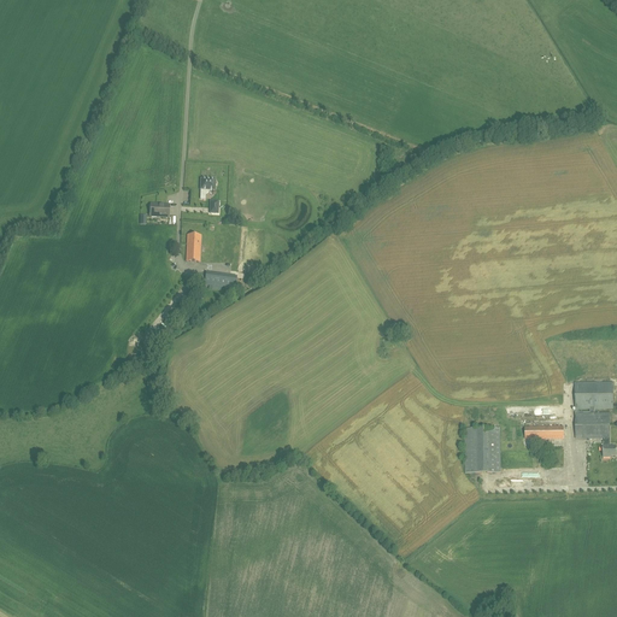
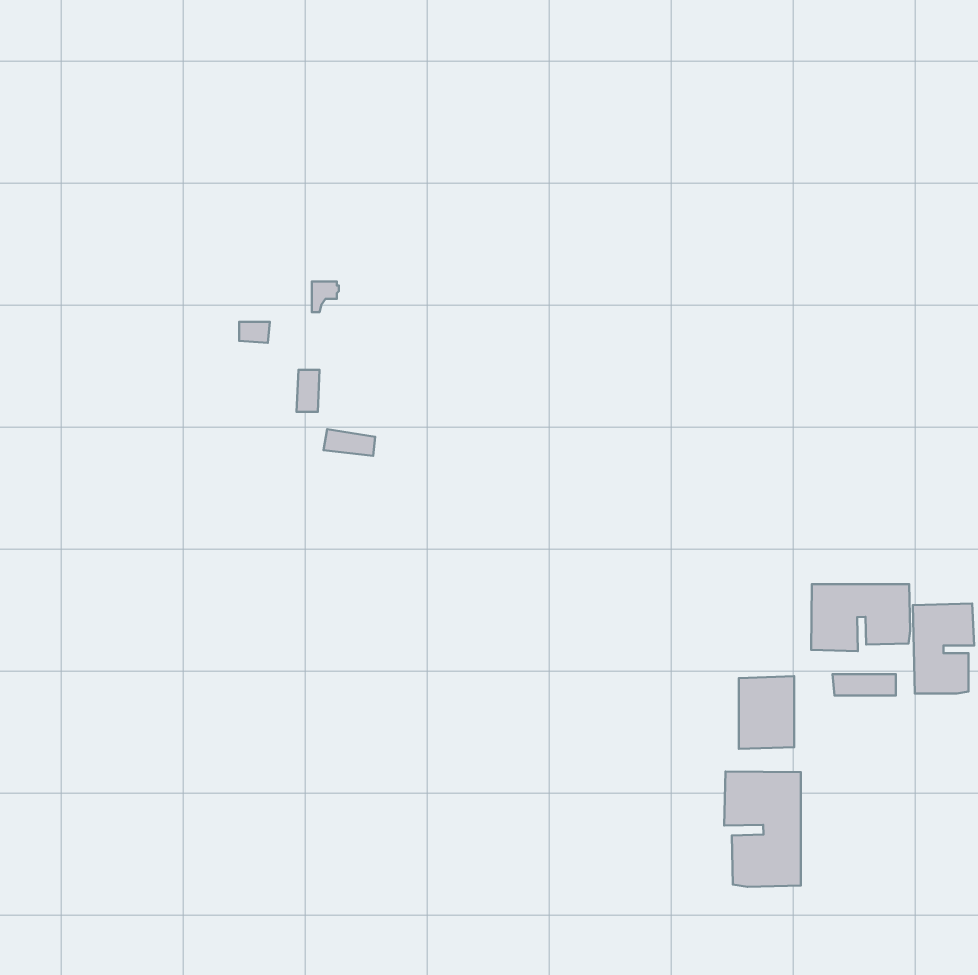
building: none -> [811,584,910,651]
building: none -> [724,771,801,887]

